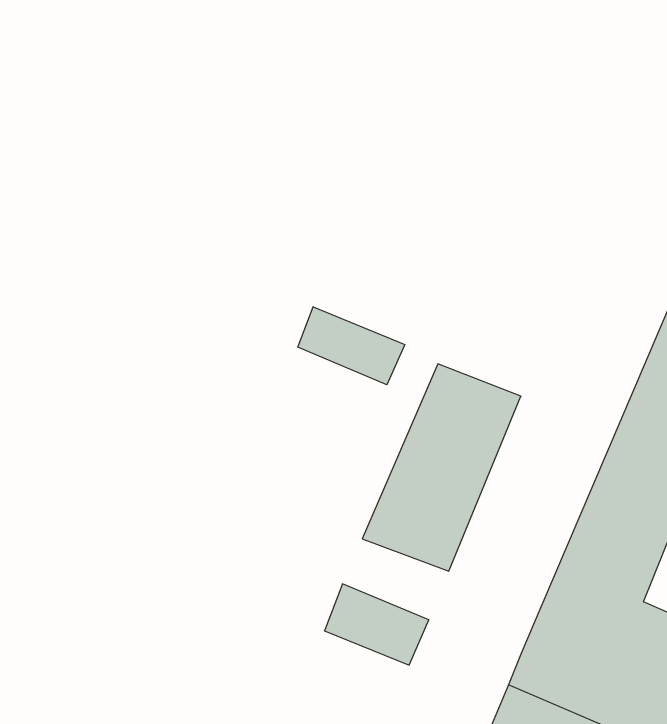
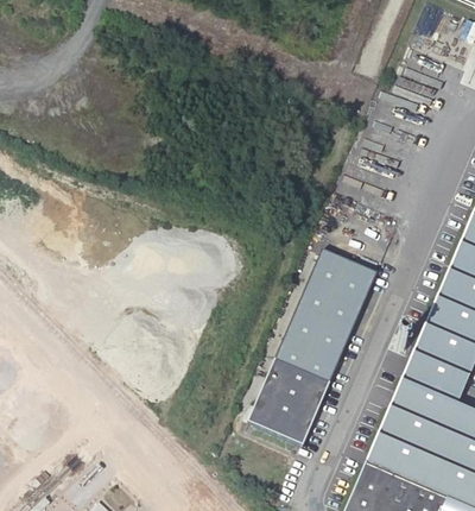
building: [298,307,405,385] -> none
building: none -> [258,365,328,418]

